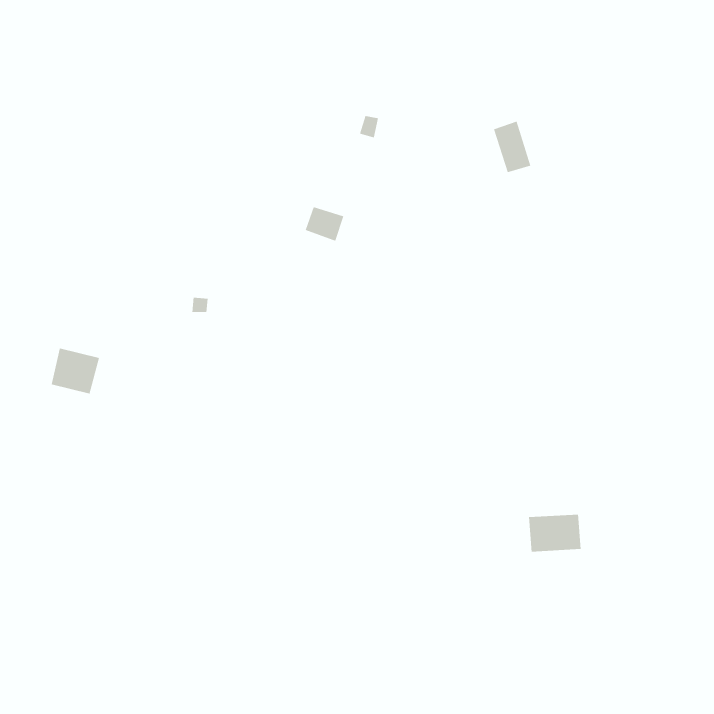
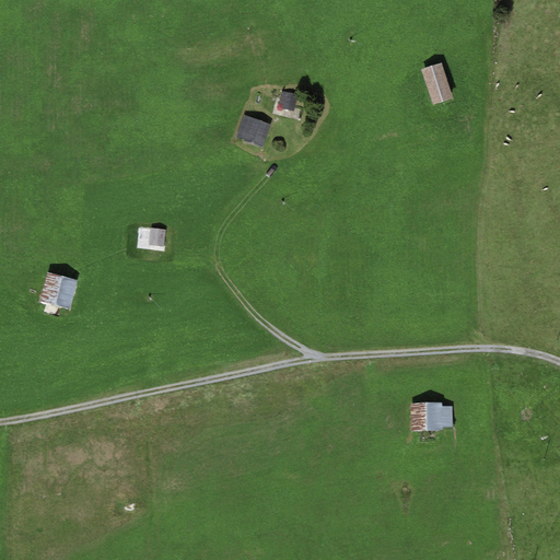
building: [493,121,531,173] -> [422,63,452,104]
building: [305,206,344,242] -> [236,118,267,145]

